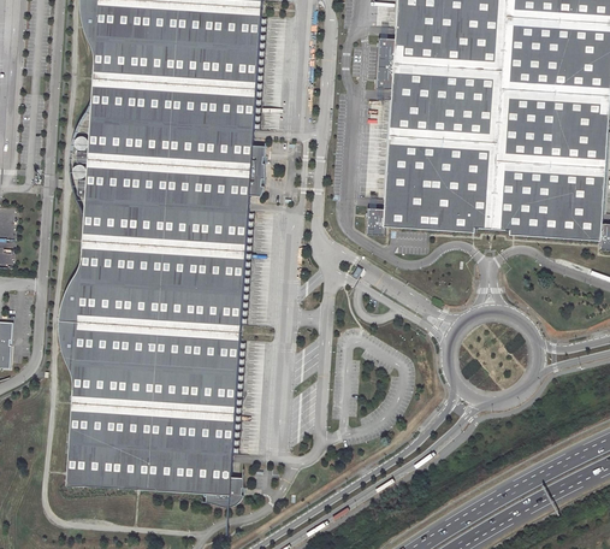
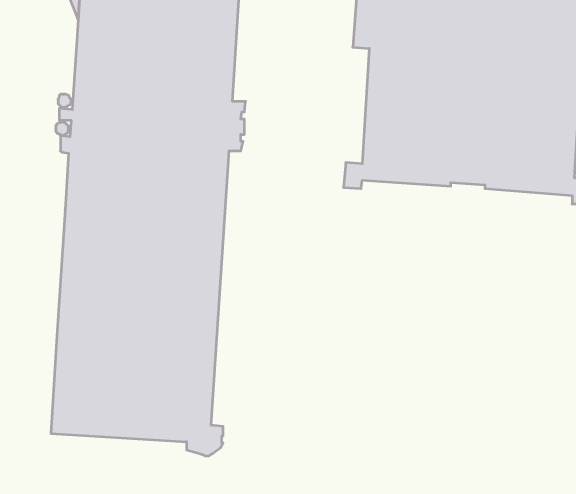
building: [59,255,82,384] -> none

